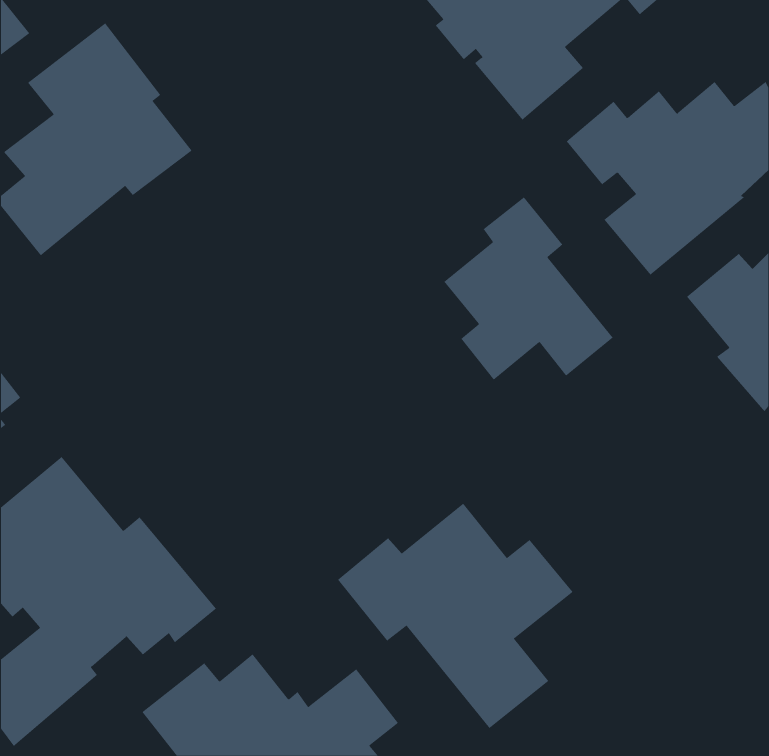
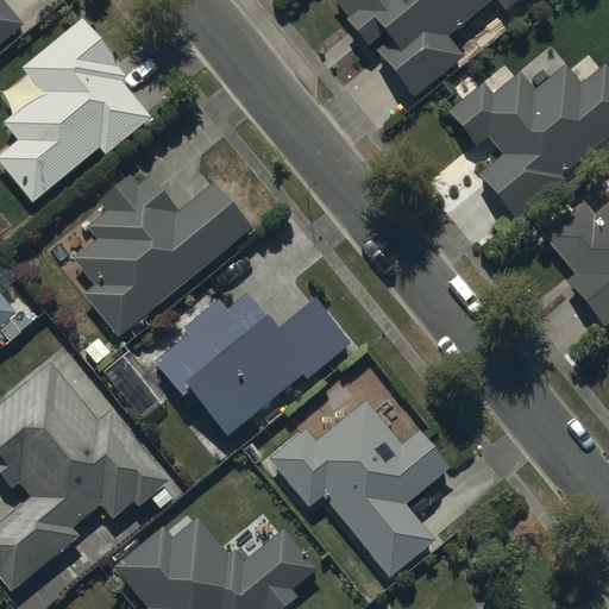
building: [444,196,613,381] -> none
building: none -> [74,172,253,337]
building: none -> [153,291,352,440]

